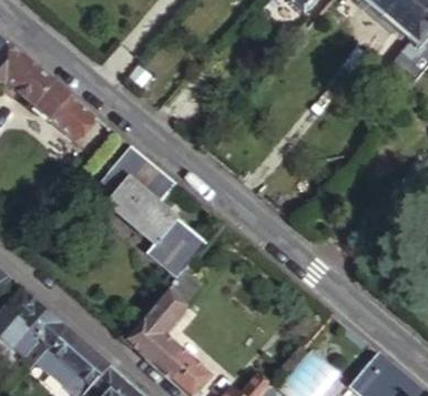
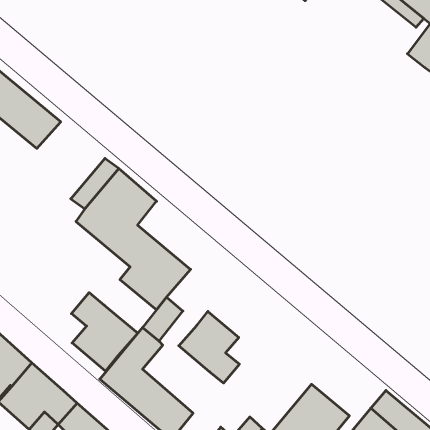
building: none -> [71,293,138,371]
building: none -> [179,311,239,383]

